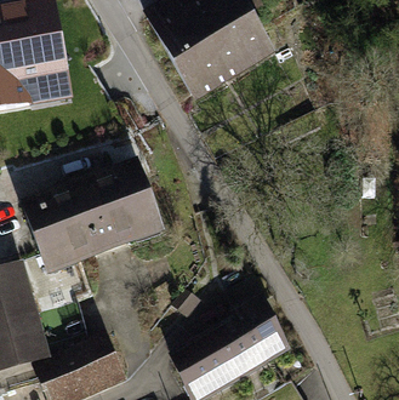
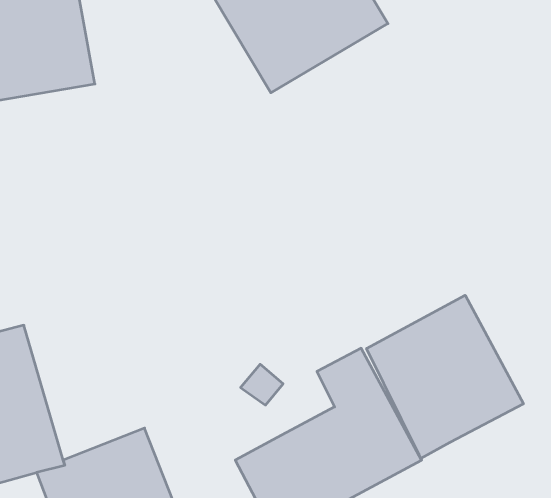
building: [22,159,166,274] -> none
building: none -> [367,295,523,458]

